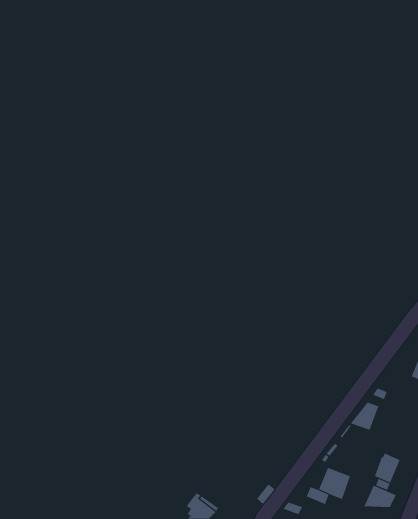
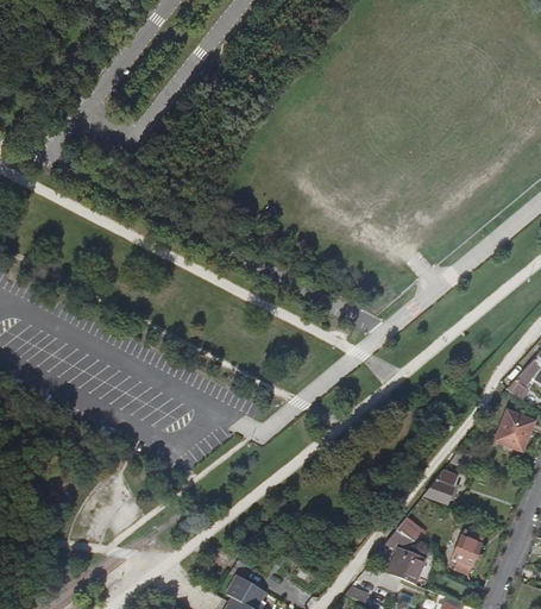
building: [364,485,396,508] -> none

